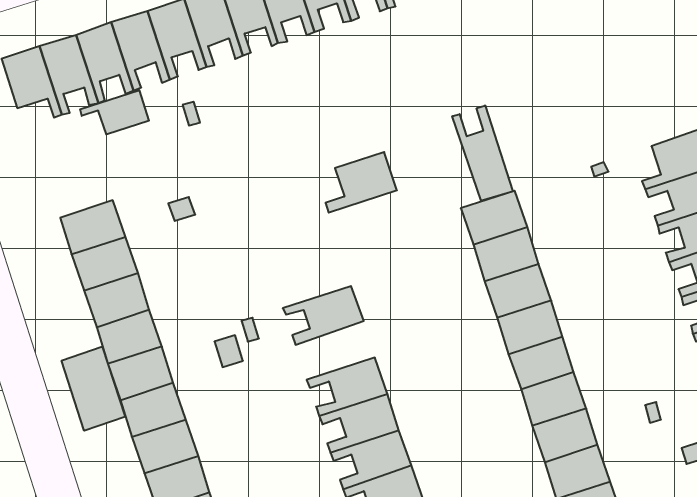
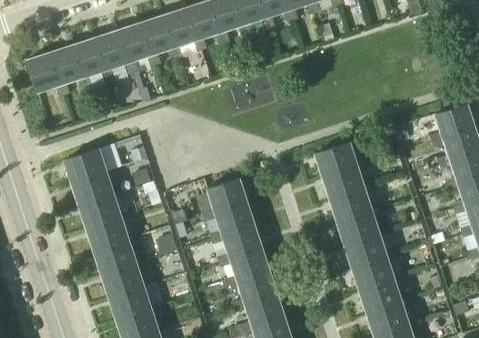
building: [80,90,149,135] -> none
building: [452,105,513,201] -> none
building: [325,152,397,213] -> [201,178,246,216]
building: none -> [211,224,261,261]
building: [62,347,125,431] -> none

